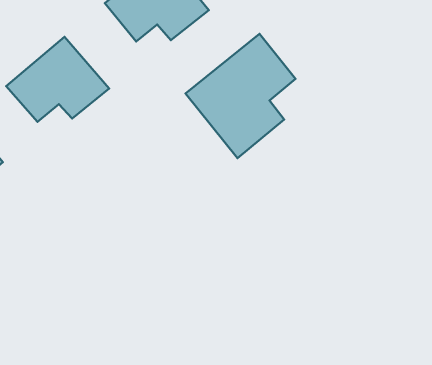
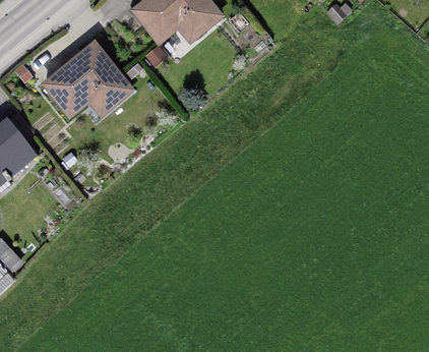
building: [186,34,295,158] -> none

